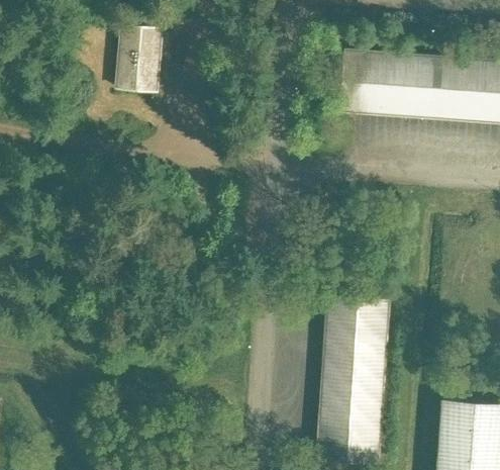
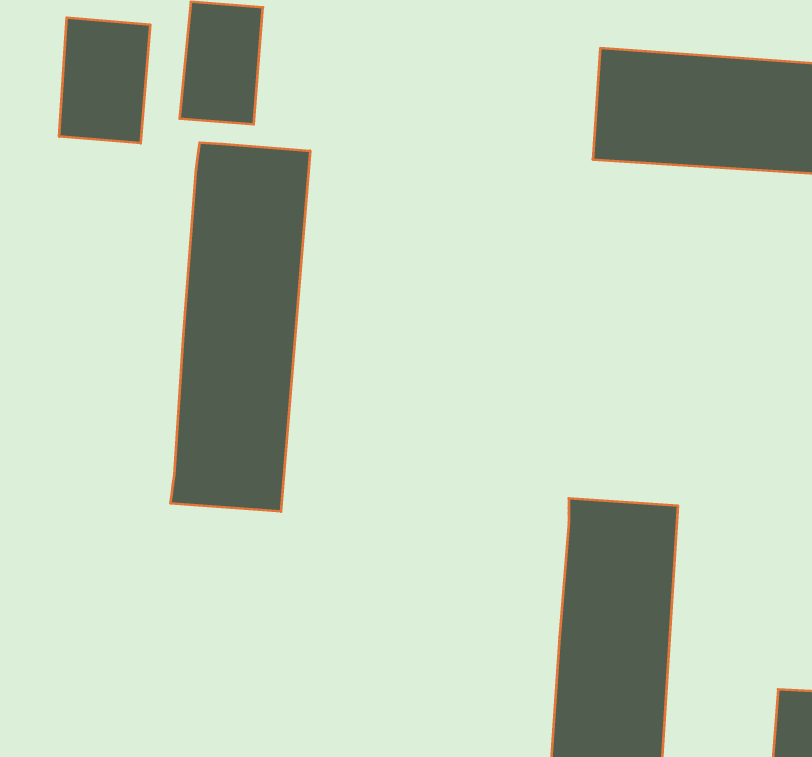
building: none -> [59,18,150,143]
building: none -> [171,143,310,512]

